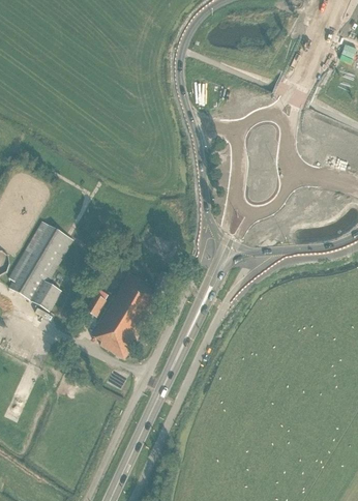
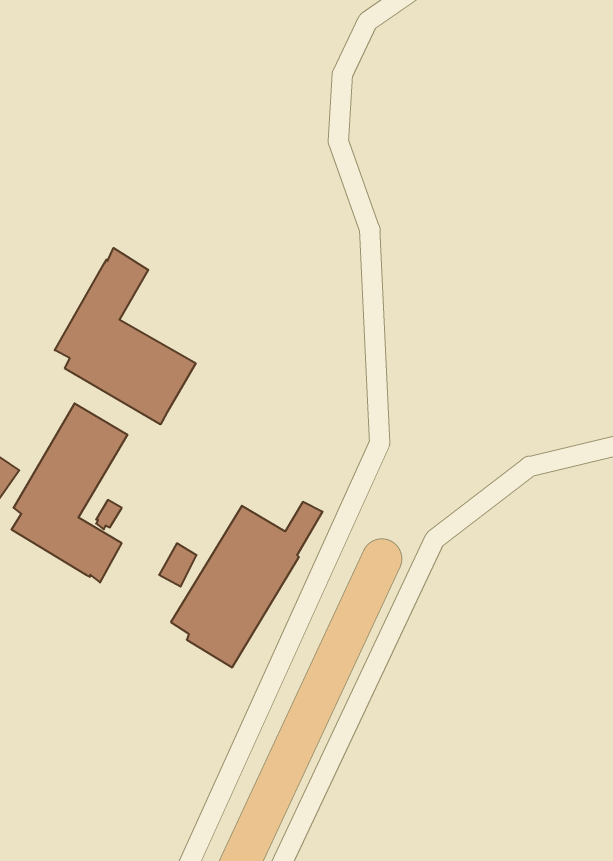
building: none -> [55,248,196,424]

